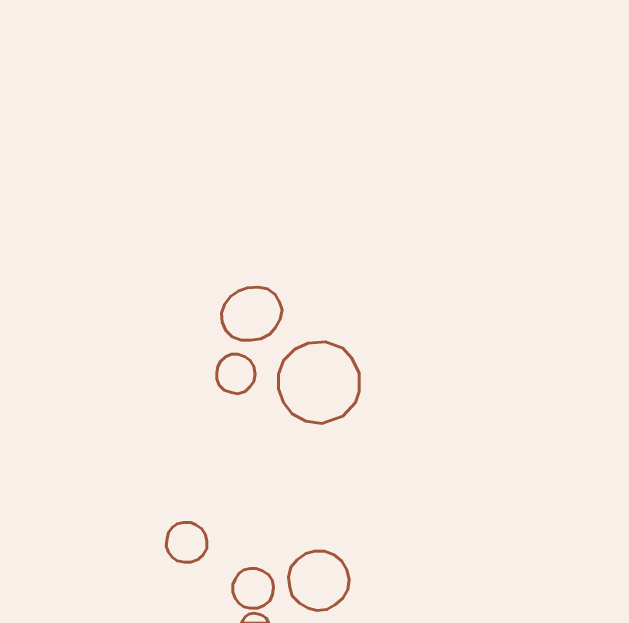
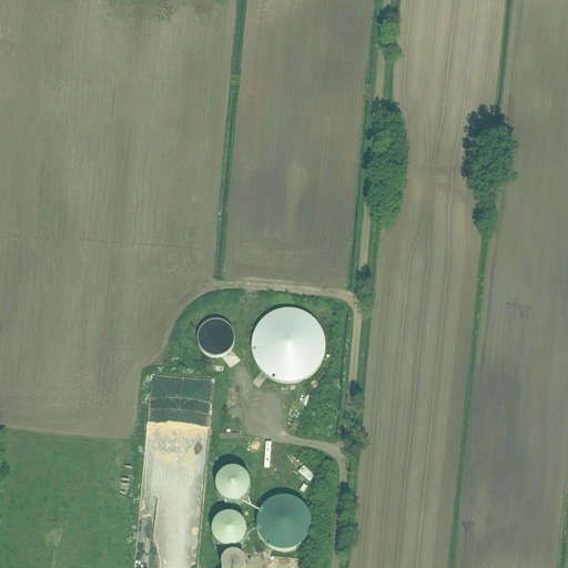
building: [222,287,282,340] -> none
building: [166,523,207,562] -> [213,463,250,498]

